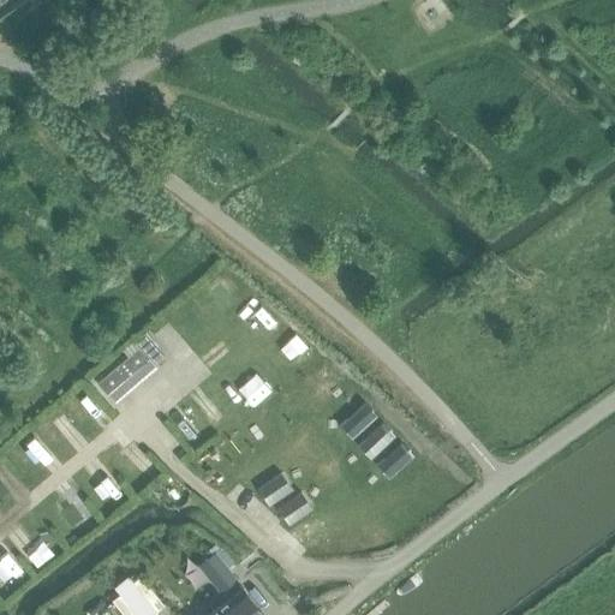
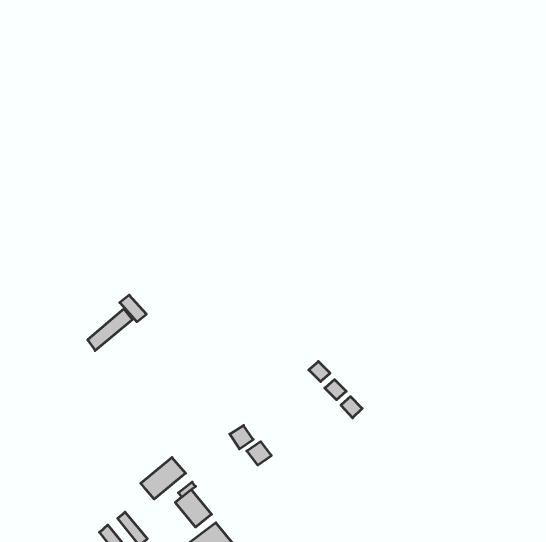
building: none -> [141,457,186,499]

